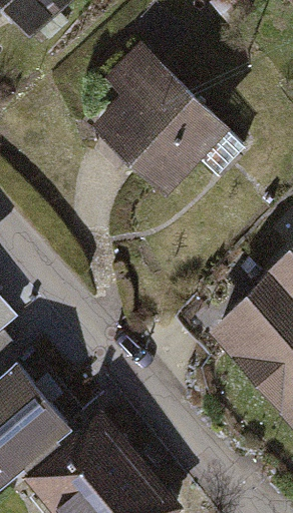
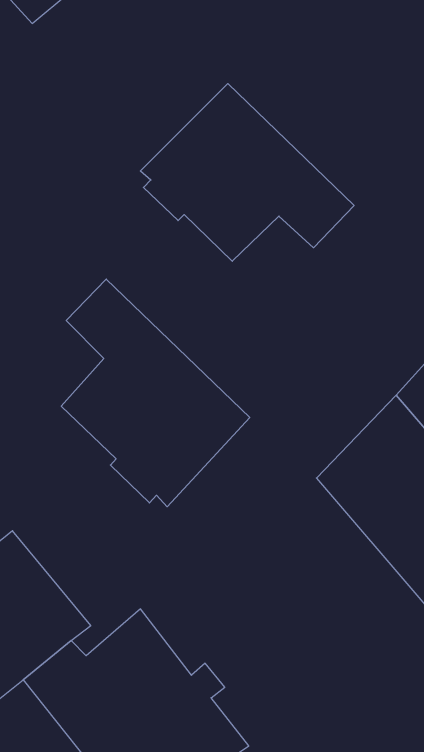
building: none -> [61,279,250,507]

